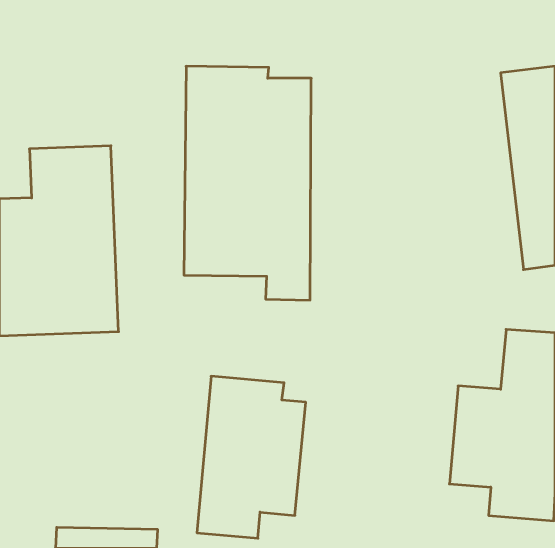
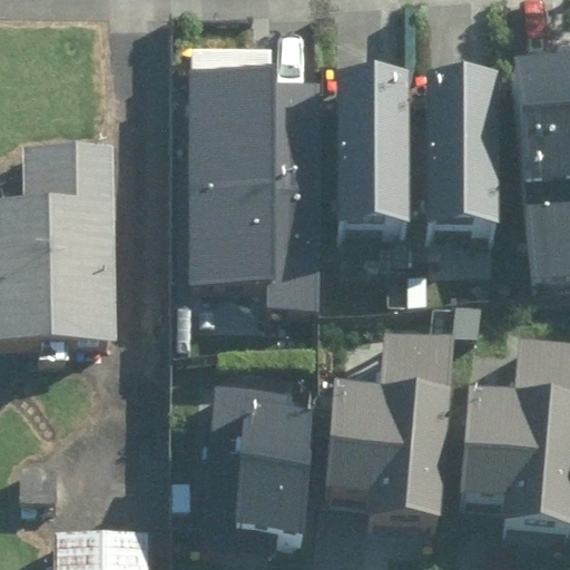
building: none -> [421,78,495,229]
building: none -> [334,79,411,230]
building: none -> [326,327,453,521]

